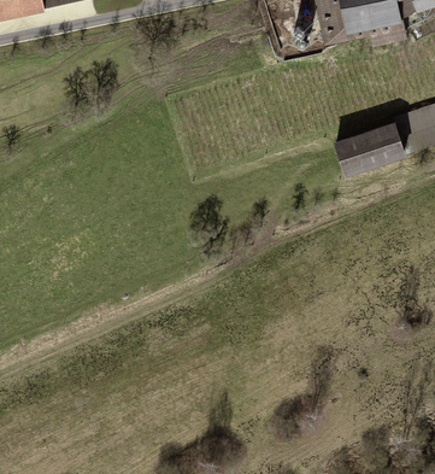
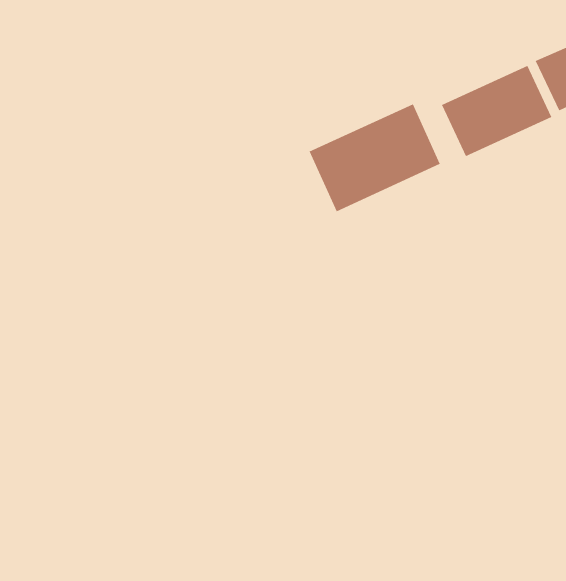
building: none -> [309,103,441,212]

